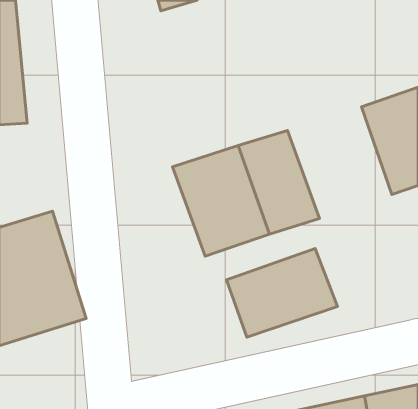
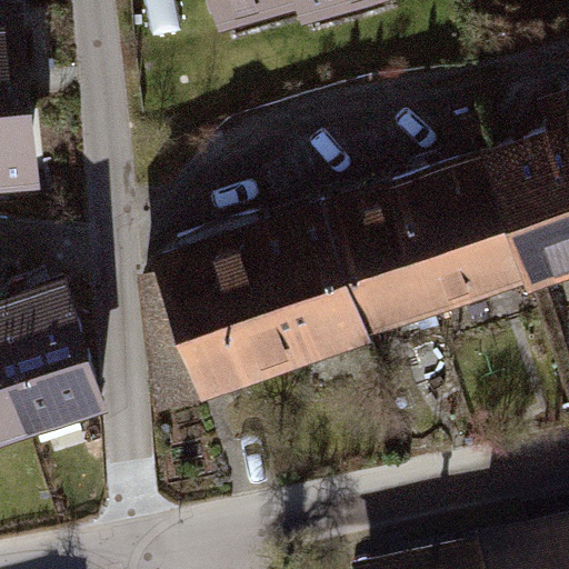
building: none -> [389,159,530,310]
building: none -> [143,240,278,402]
building: [226,249,337,337] -> none

